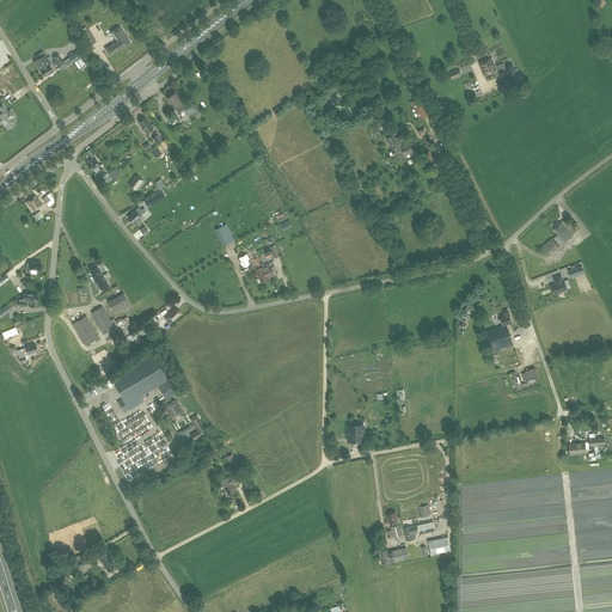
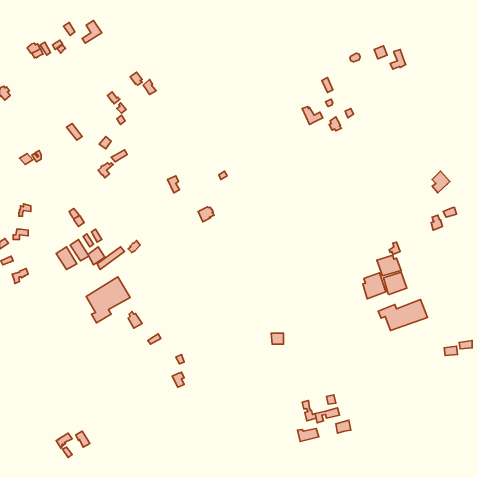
building: none -> [363,273,386,299]
building: none -> [378,299,427,331]

